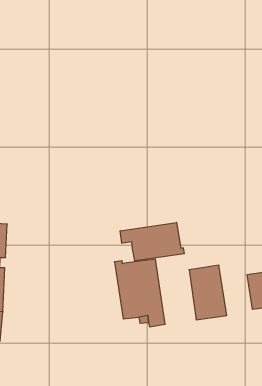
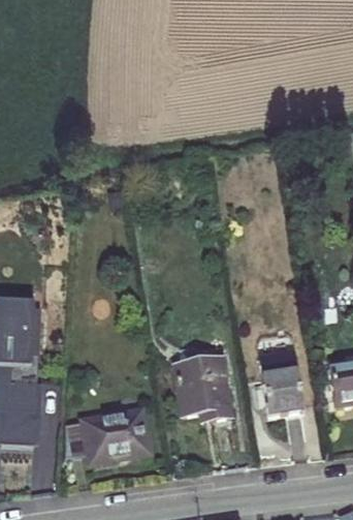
building: [120,222,184,261] -> none
building: none -> [65,410,148,462]

